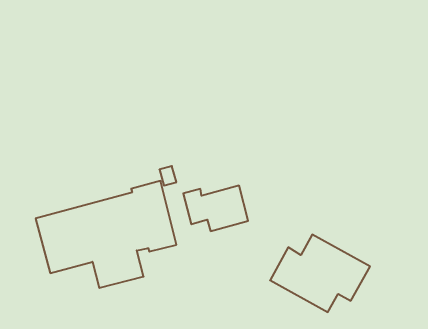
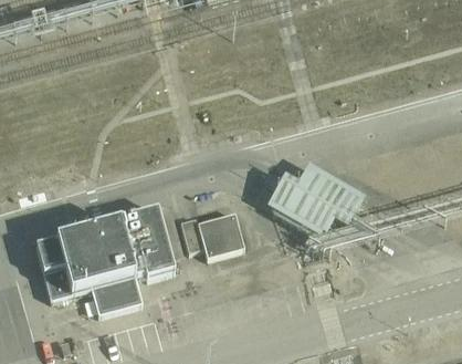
building: [270,235,370,312] -> [266,164,364,239]

